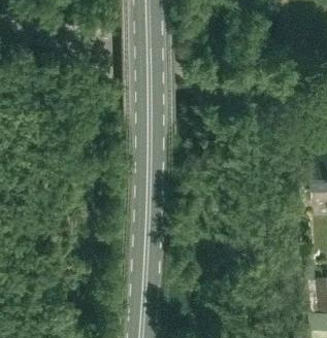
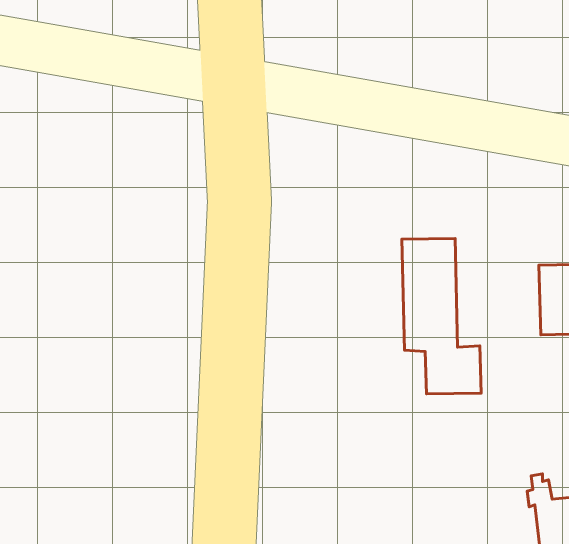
building: none -> [402,239,481,394]

